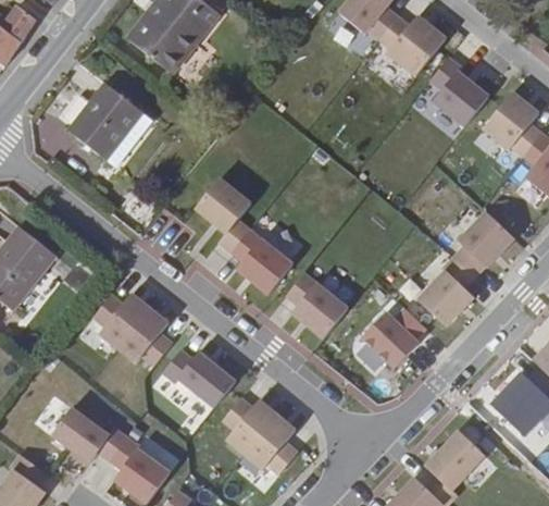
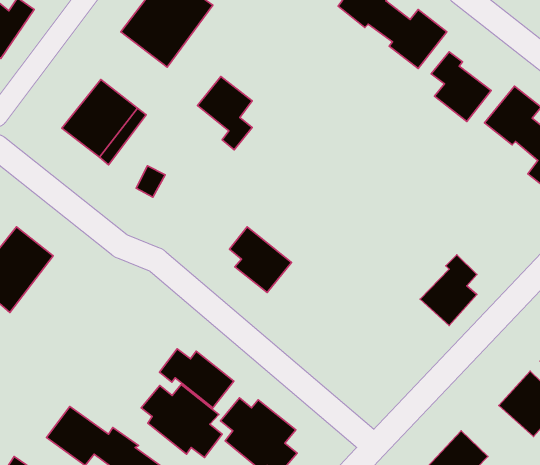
building: [195,180,248,251] -> [198,77,252,150]
building: [453,211,513,276] -> none
building: [286,273,347,337] -> none
building: [92,294,172,366] -> [141,384,222,458]
building: [360,307,424,367] -> none

